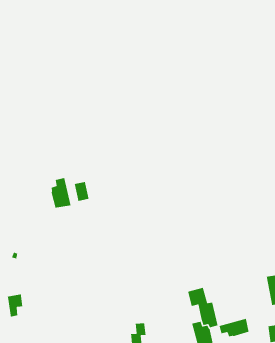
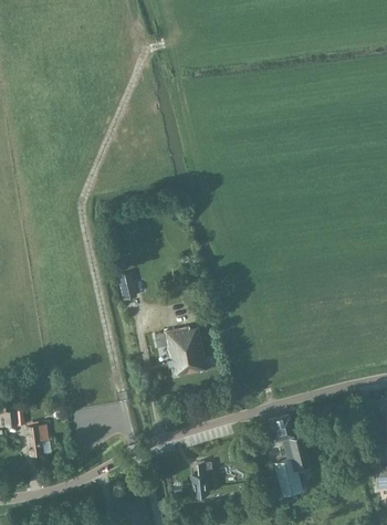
building: [50,177,71,209] -> none
building: none -> [155,327,207,377]
building: [218,318,249,337] -> none

